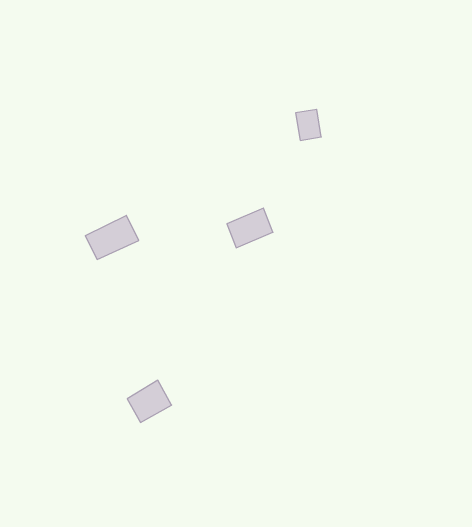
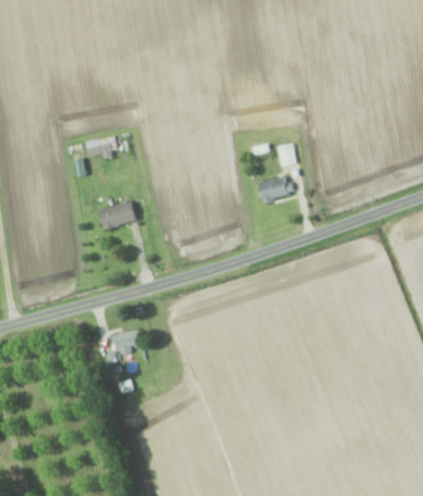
building: none -> [86,136,118,158]
building: [227,208,273,248] -> [251,176,284,202]

